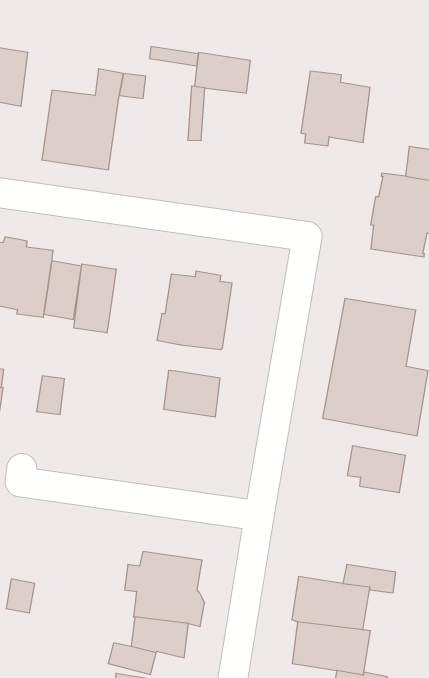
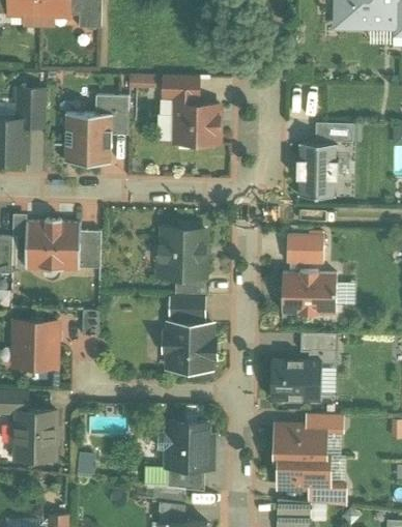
building: [301,71,370,146] -> [175,99,219,149]
building: [74,264,116,333] -> none
building: none -> [174,276,208,297]
building: none -> [164,323,216,370]
building: none -> [271,359,323,403]

